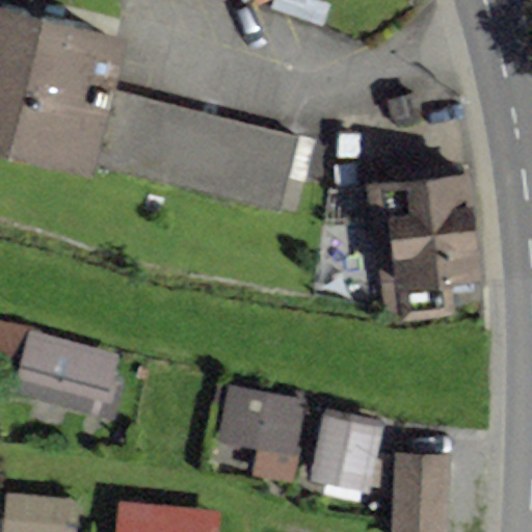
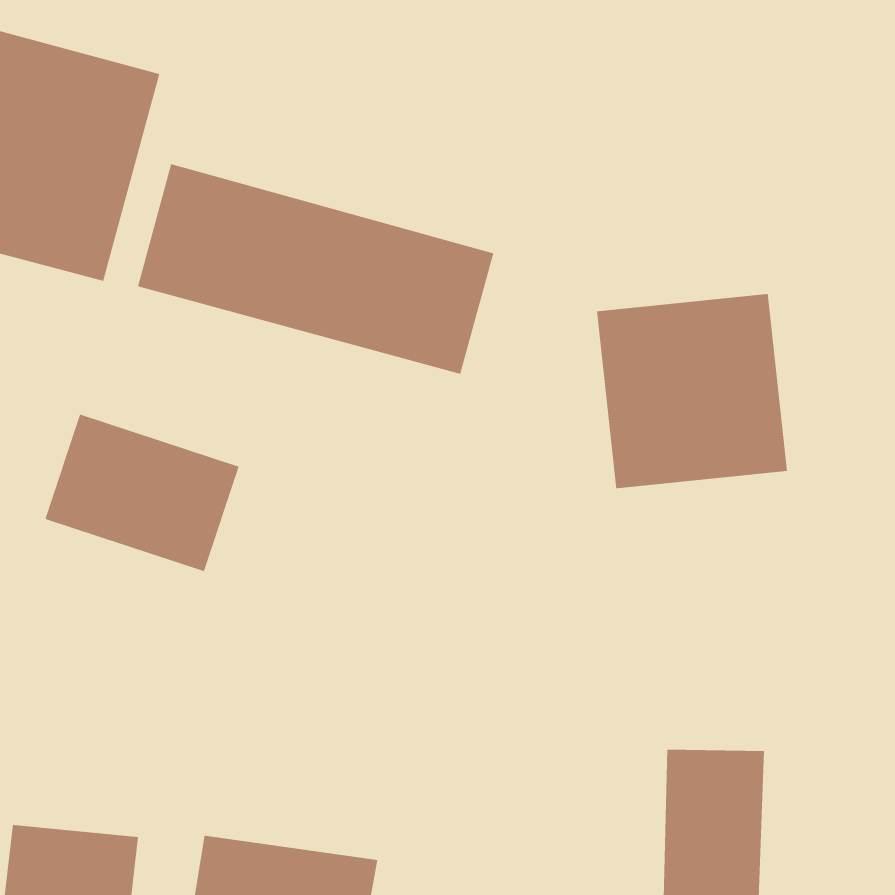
building: [9,326,125,420] -> [44,414,240,572]
building: [218,385,307,478] -> none
building: [309,413,380,490] -> none

